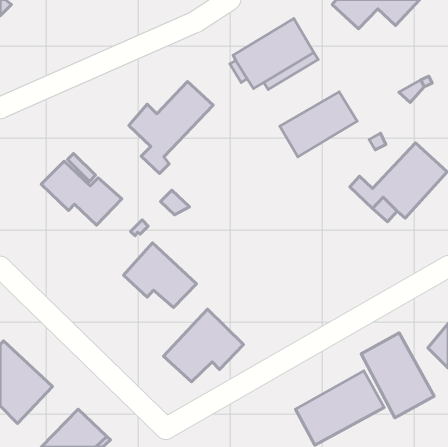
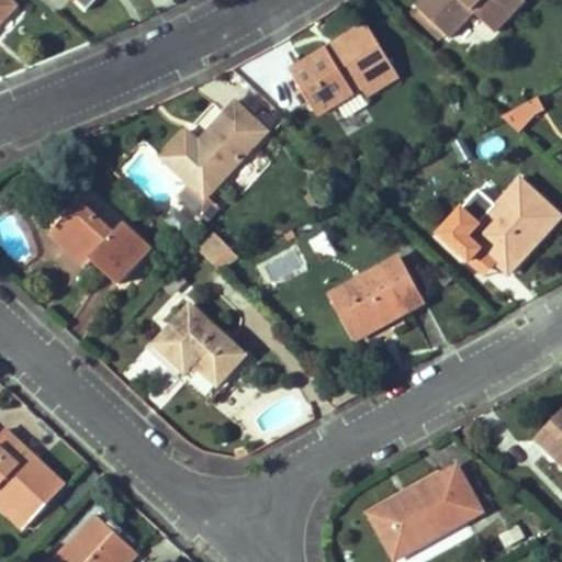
building: [280,92,357,157] -> none
building: none -> [330,255,426,337]
building: [164,309,243,382] -> none
building: [361,333,434,418] -> none

